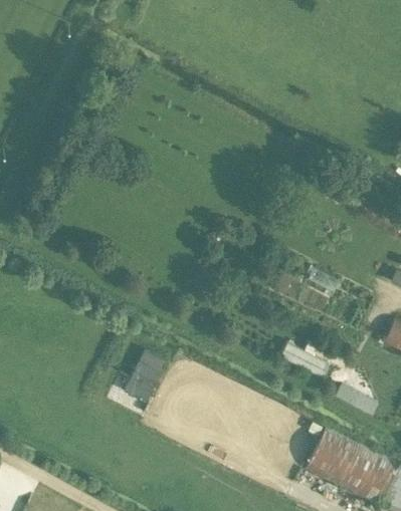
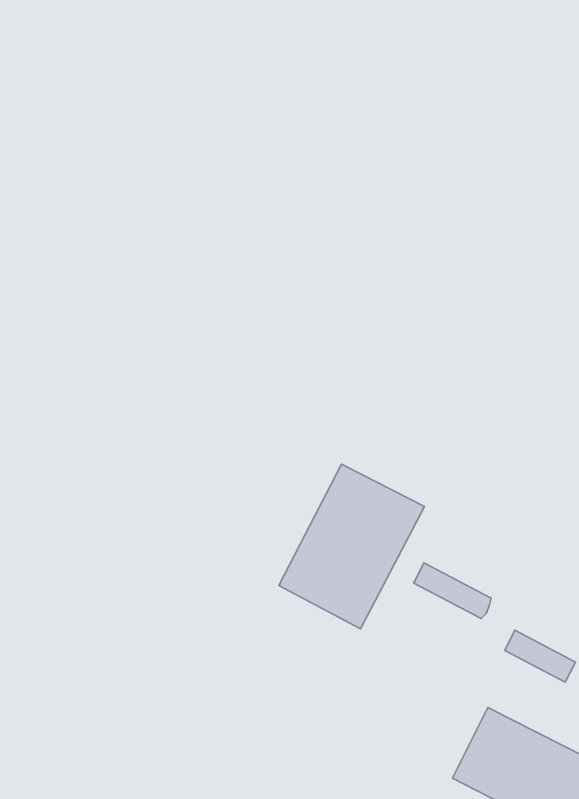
building: none -> [279,464,424,629]
building: [124,349,167,402] -> none

